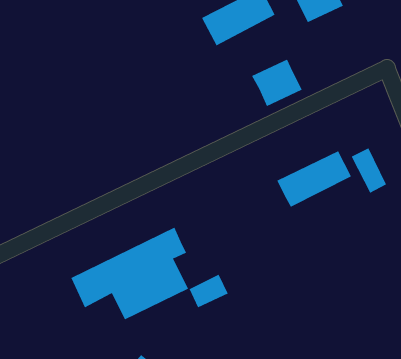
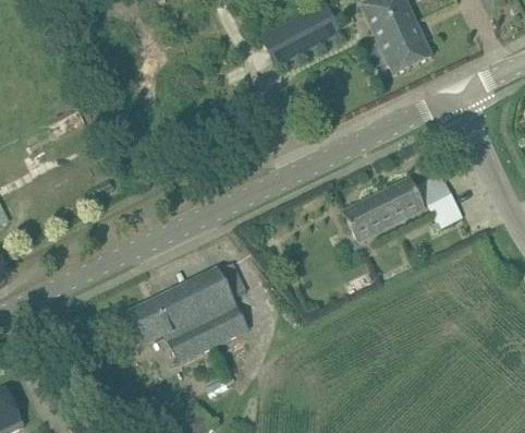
building: [251,59,303,107] -> [376,22,431,74]
building: [189,274,229,308] -> none

